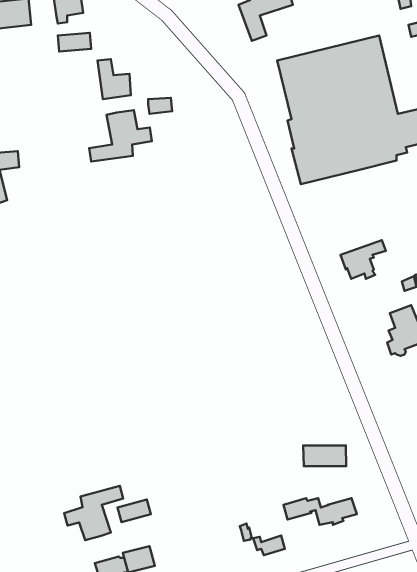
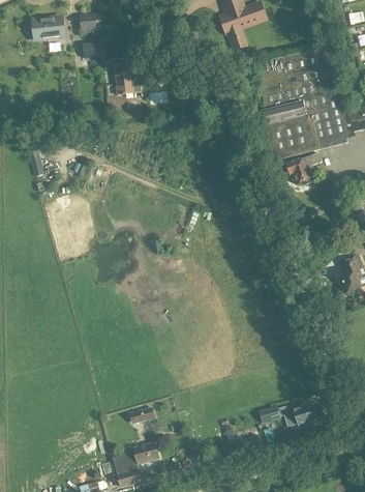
building: [89,110,152,161] -> none
building: [341,240,386,279] -> [285,153,321,183]
building: [303,446,346,466] -> none
building: [64,486,123,540] -> none

